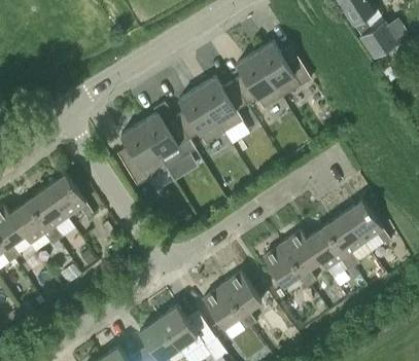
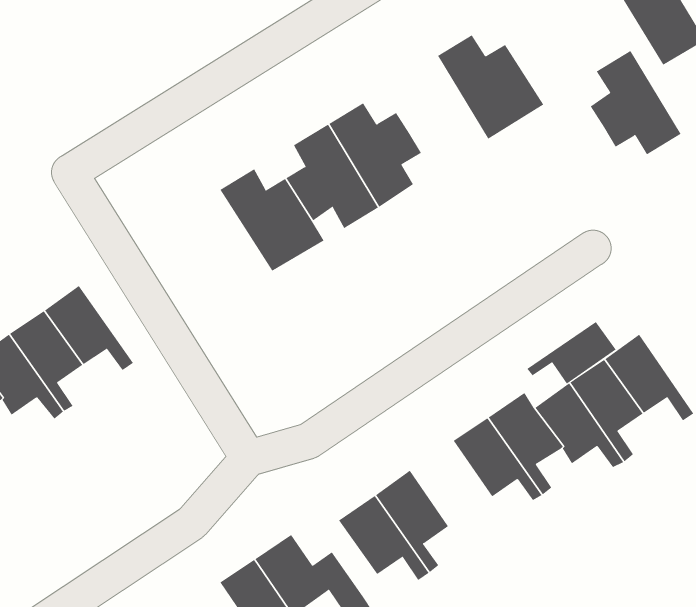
building: [233,55,281,110] -> [590,50,681,155]
building: [116,125,167,187] -> none
building: none -> [527,321,617,384]

